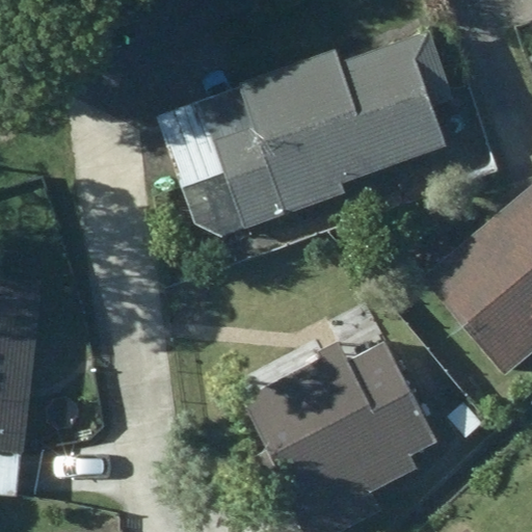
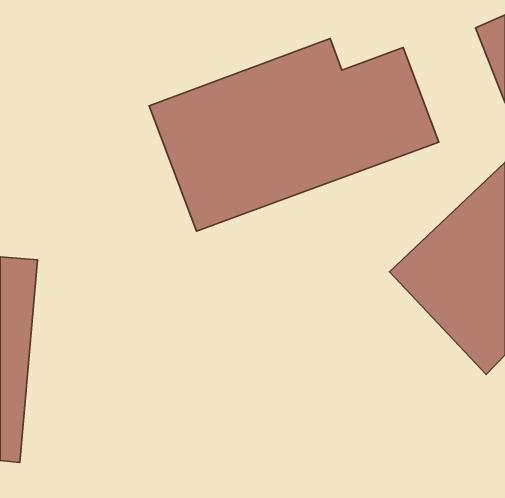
building: [261,336,445,513] -> none

